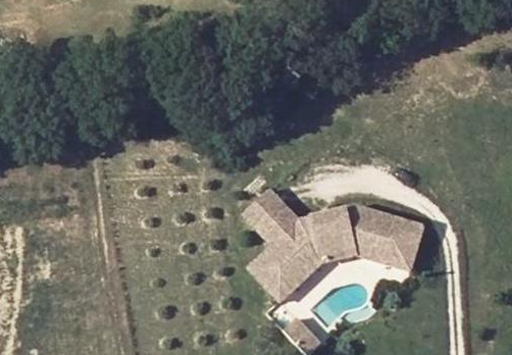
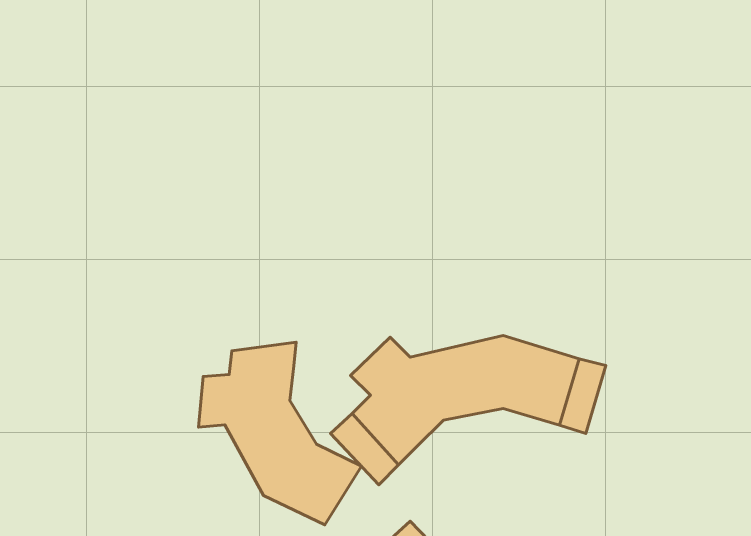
building: [247,191,289,233] -> none
building: none -> [199,342,361,525]

